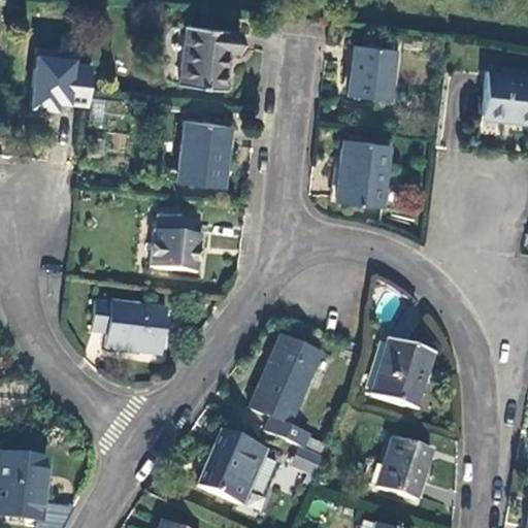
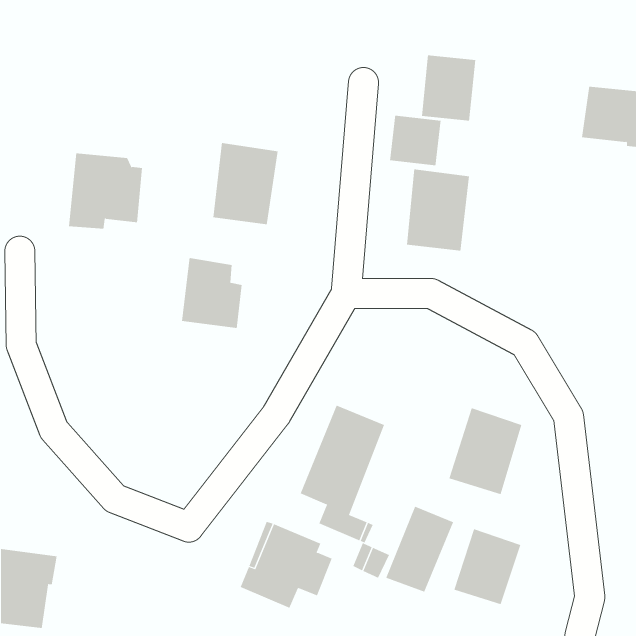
building: [179,23,242,86] -> none
building: [32,47,94,110] -> [68,153,143,229]
building: none -> [390,115,441,166]
building: [91,299,166,352] -> none
building: none -> [385,506,454,593]

